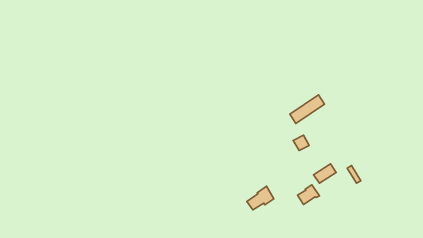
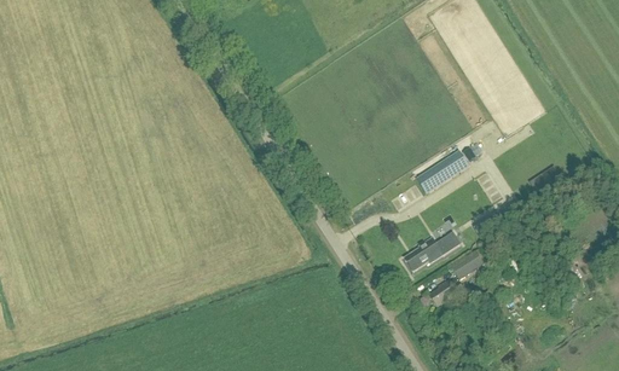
building: [247,186,274,210] -> [406,236,445,269]

